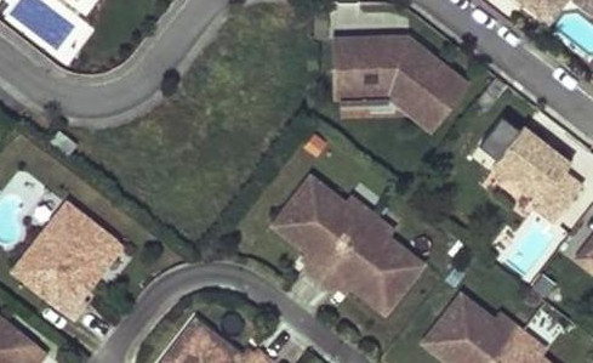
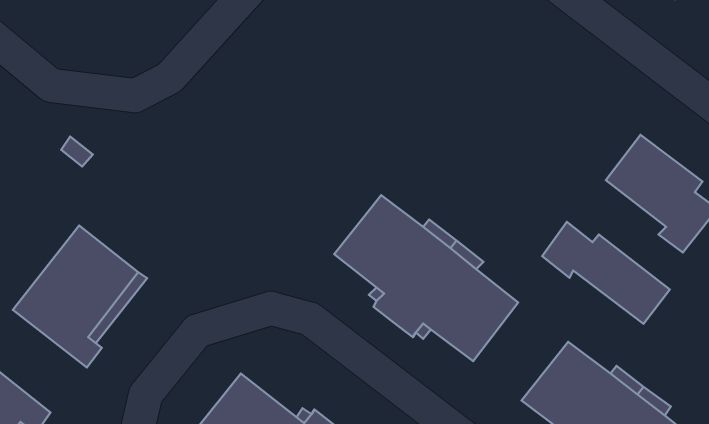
building: [330,34,462,129] -> none
building: none -> [542,222,670,324]

